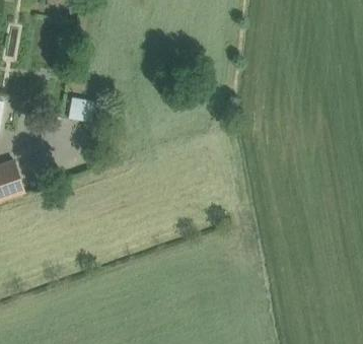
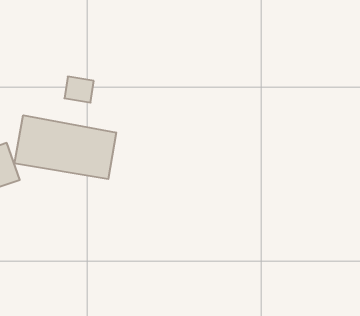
building: none -> [15,115,116,179]

